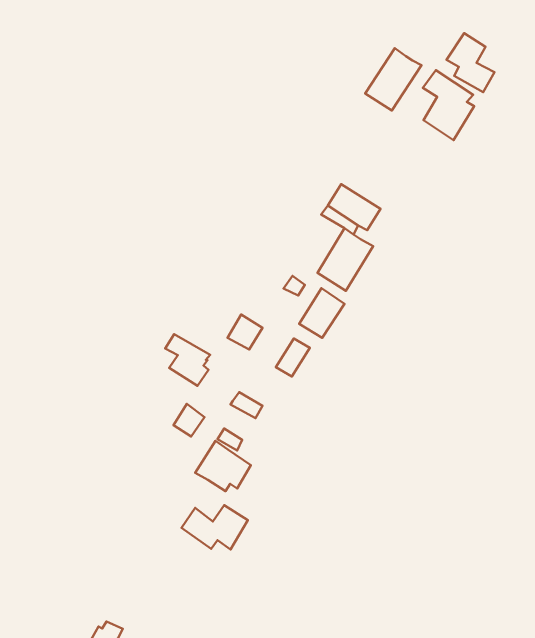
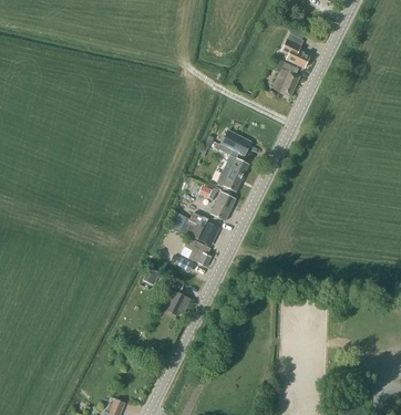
building: [365,48,422,110] -> none
building: [165,334,210,386] -> [185,238,212,267]
building: [181,505,248,549] -> none

